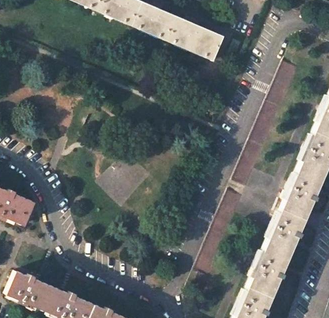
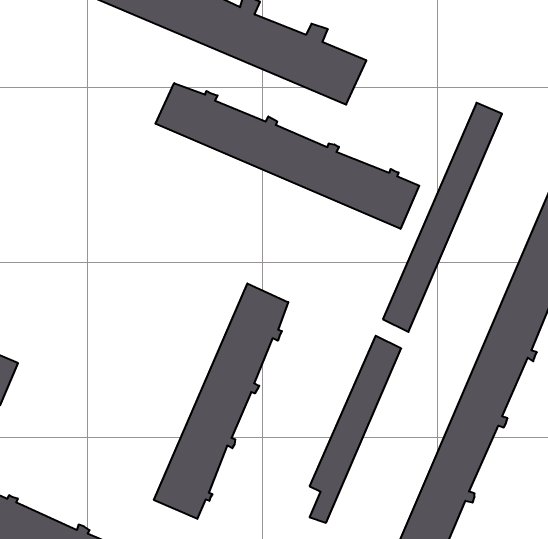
building: none -> [156,83,419,229]
building: none -> [154,283,288,519]

